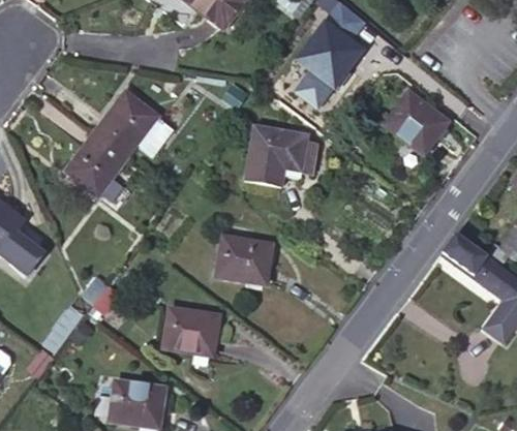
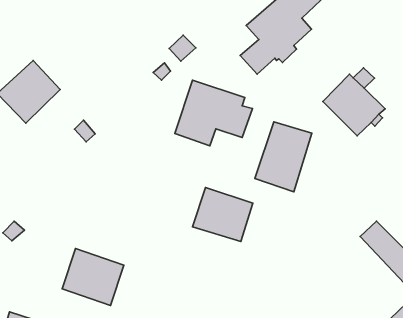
building: [95,92,174,156] -> none
building: none -> [255,122,312,192]
building: [216,237,271,283] -> [192,188,253,241]

